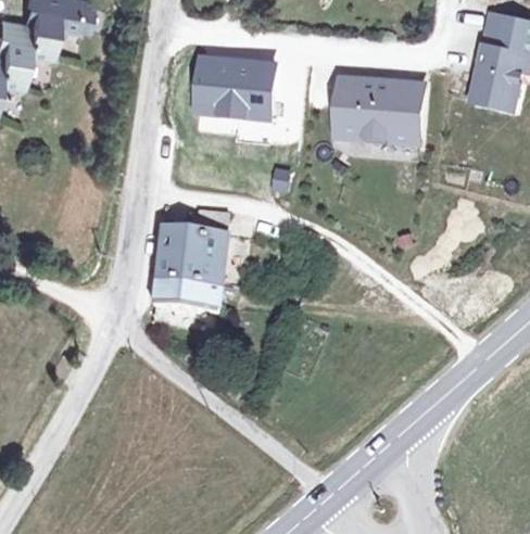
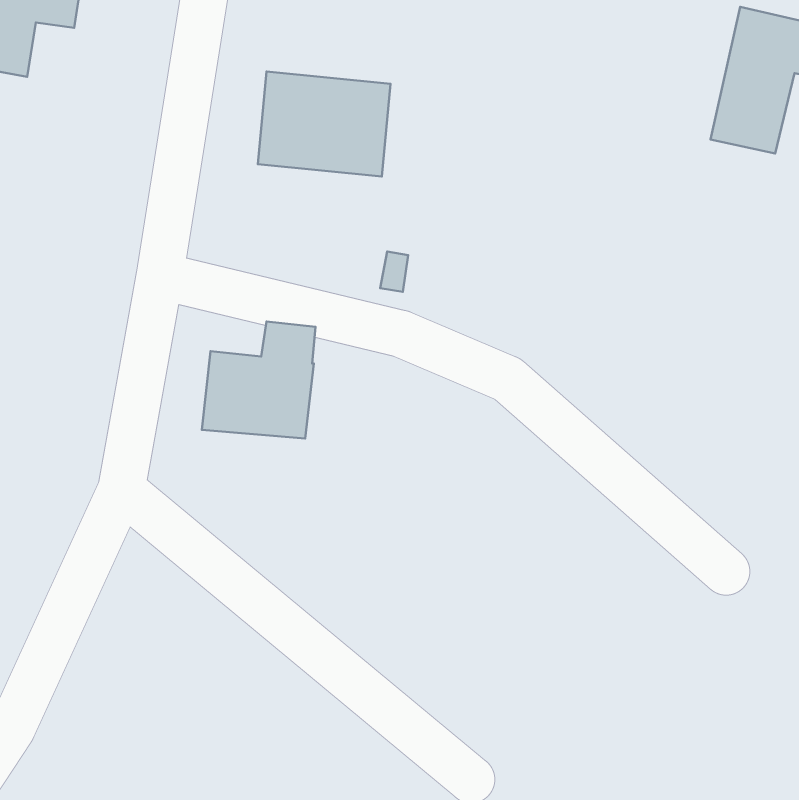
building: [338,81,424,144] -> none
building: [153,278,222,313] -> none

